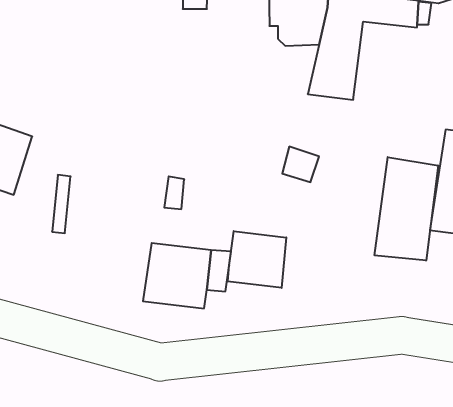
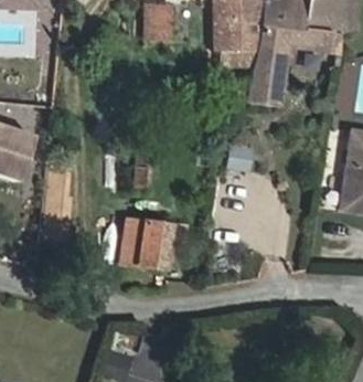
building: [375,157,438,261] -> none
building: [228,231,286,288] -> none

